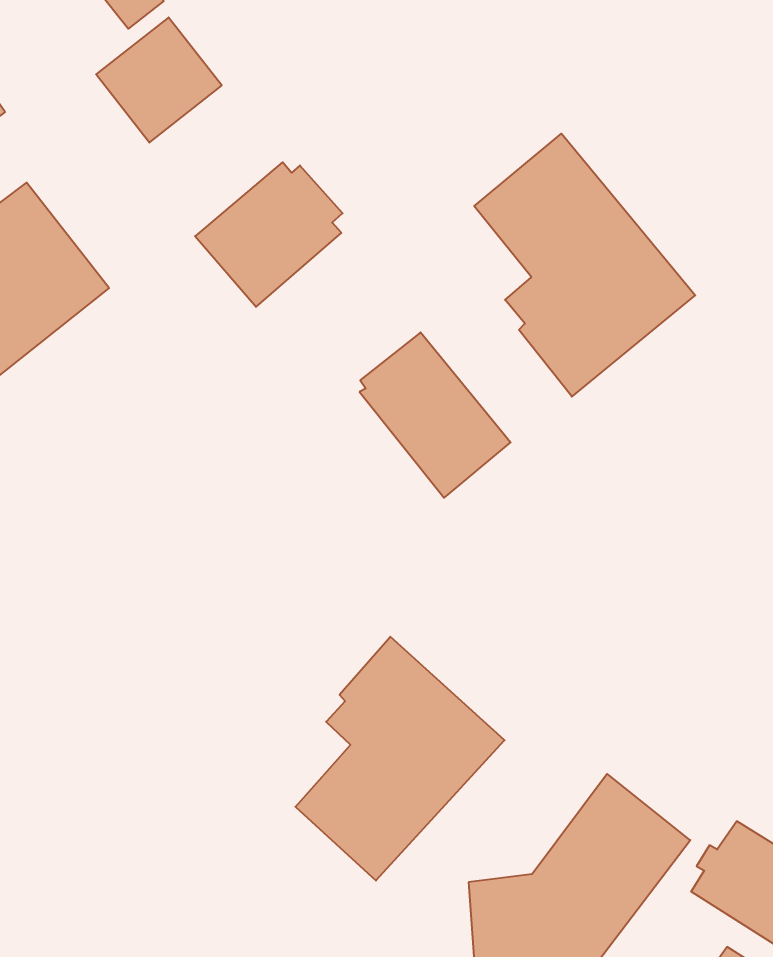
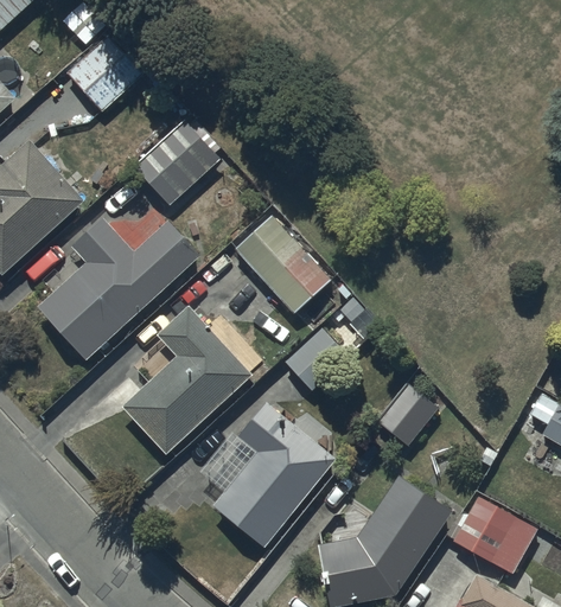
building: [474,134,695,397] -> none
building: none -> [38,218,199,359]
building: none -> [123,305,254,454]
building: none -> [375,383,439,447]

